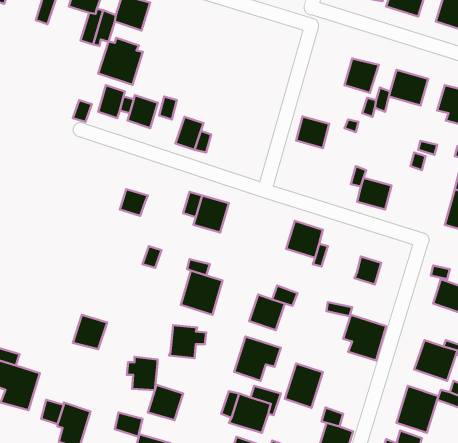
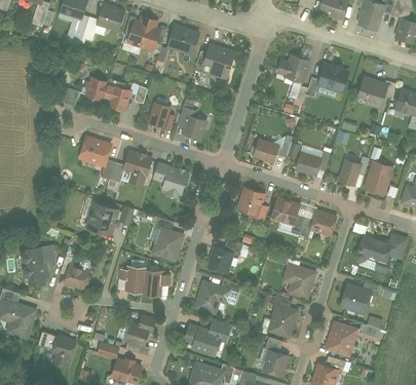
building: none -> [166,24,199,54]
building: [98,38,143,85] -> [125,14,161,52]
building: none -> [201,43,233,79]
building: [296,116,329,148] -> [251,138,277,163]
building: none -> [181,114,206,141]
building: none -> [76,134,111,167]
building: none -> [121,149,152,187]
building: none -> [338,159,361,186]
building: none -> [270,196,300,227]
building: none -> [83,201,119,236]
building: none -> [309,209,337,236]
building: none -> [22,244,55,285]
building: [127,357,157,390] -> [119,265,144,292]
building: [285,363,323,408] -> [267,302,298,338]

